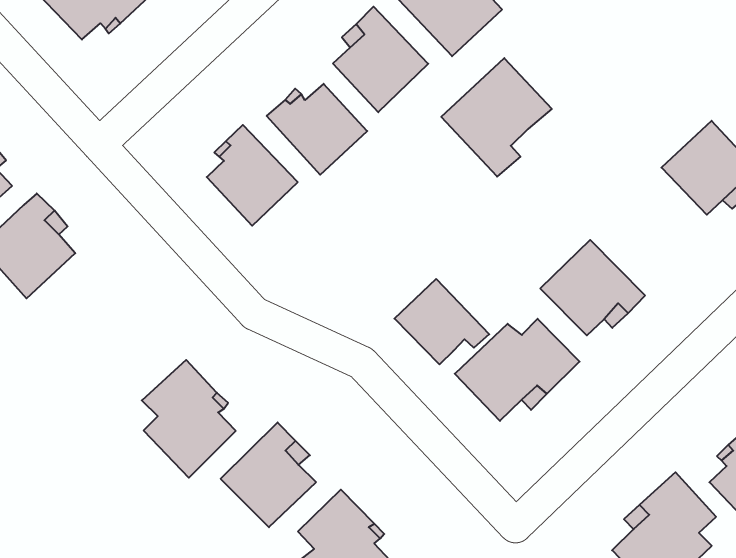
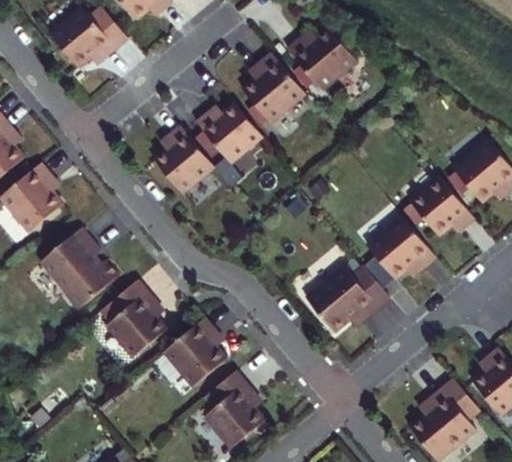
building: [441,58,552,177] -> none
building: none -> [411,179,475,238]
building: [394,279,489,364] -> none
building: none -> [41,228,118,310]

